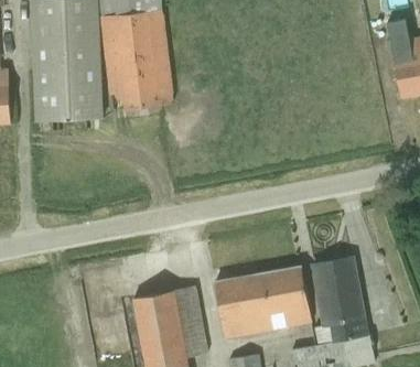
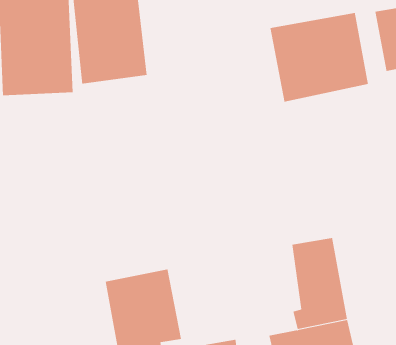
building: none -> [270,12,368,103]
building: [214,266,312,337] -> none

